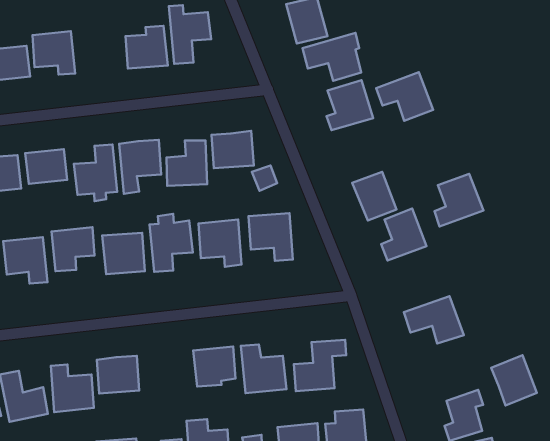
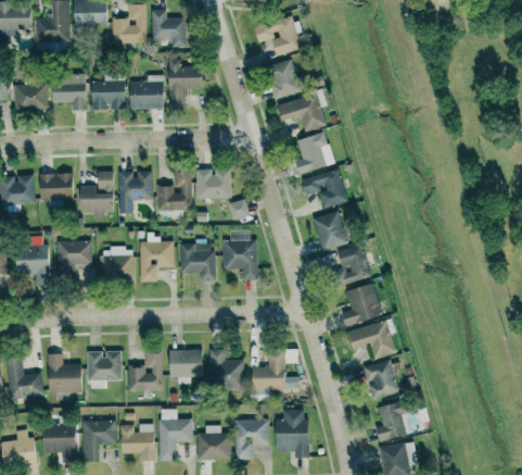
building: none -> [91,74,125,110]
building: [376,72,433,121] -> [301,168,347,209]
building: [434,174,484,226] -> [341,284,382,326]
building: none -> [128,351,162,391]
building: [491,355,537,406] -> [362,359,399,400]

